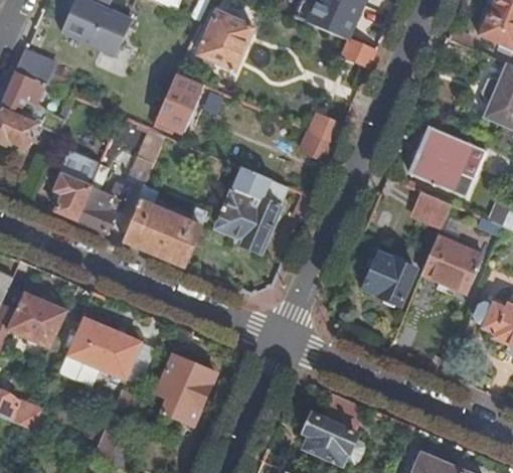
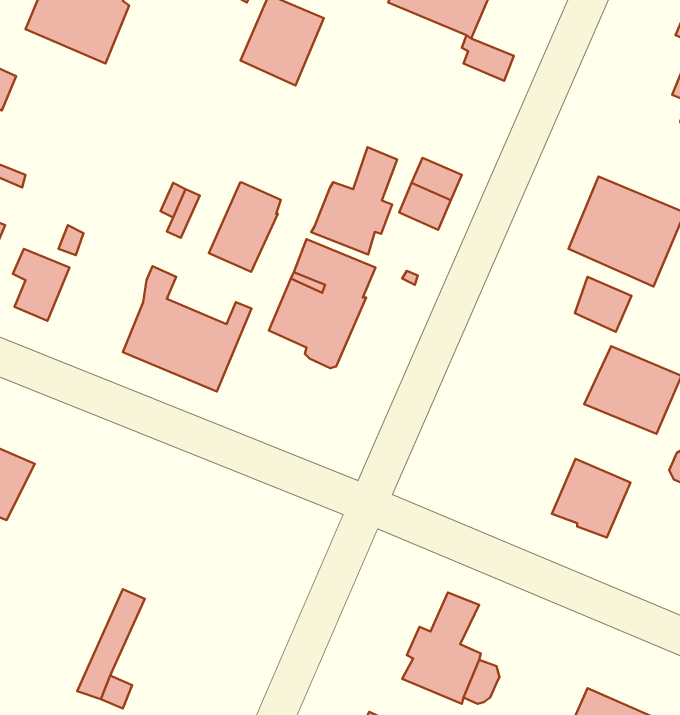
building: [157,73,203,131] -> [209,182,281,272]
building: none -> [311,147,397,255]
building: [75,185,126,232] -> none
building: [364,254,414,304] -> [552,459,630,537]
building: [66,325,142,380] -> none
building: [158,356,215,432] -> none

